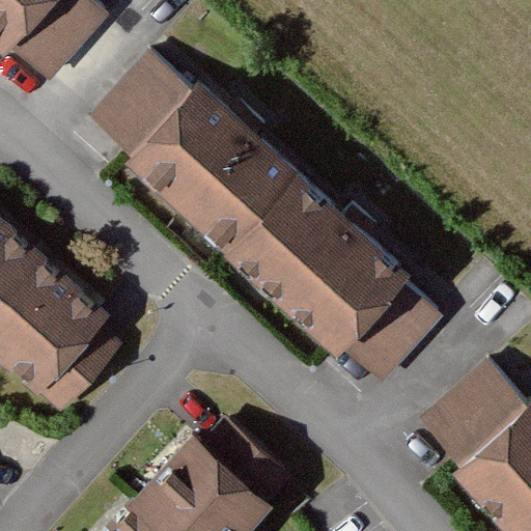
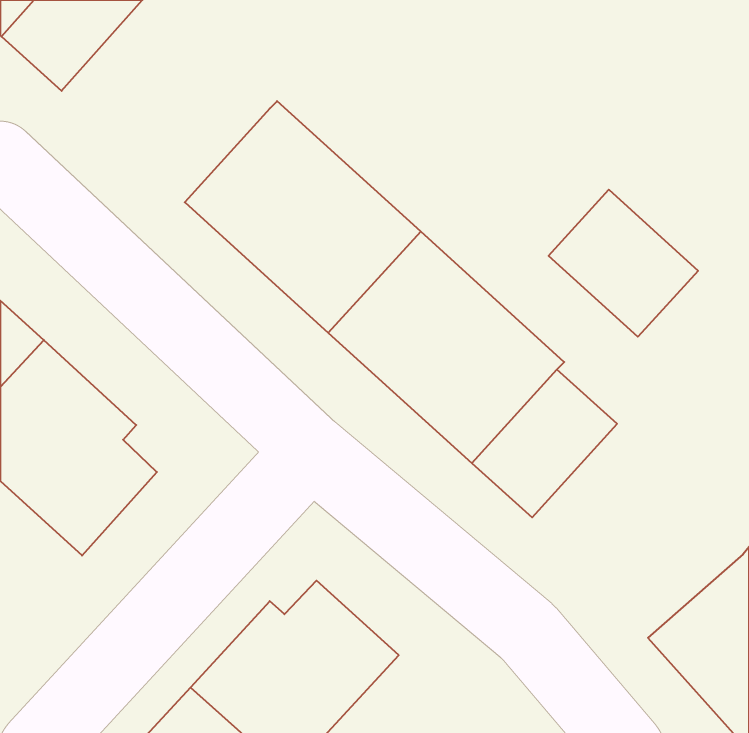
building: [89,51,191,155] -> none
building: none -> [549,190,698,337]
building: [421,361,526,463] -> none

